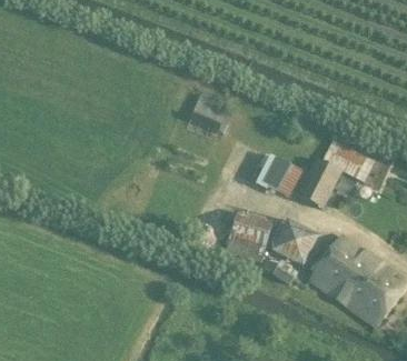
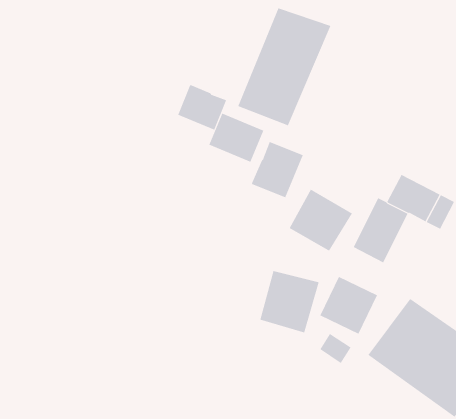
building: none -> [237,8,331,126]
building: none -> [177,85,227,131]
building: none -> [252,141,303,198]

